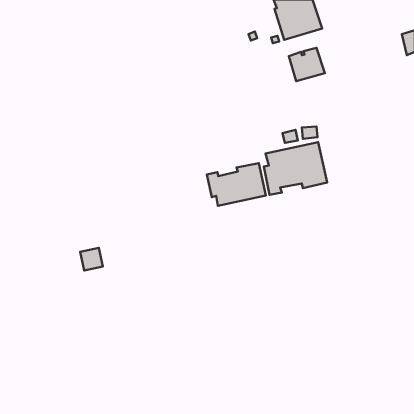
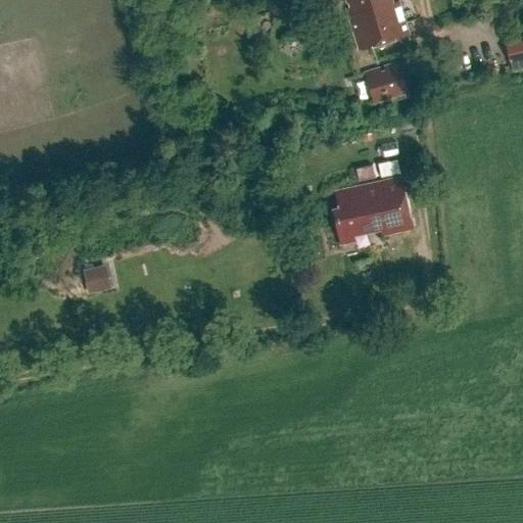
building: [207,163,266,206] -> none
building: [80,248,103,271] -> [84,264,112,292]

